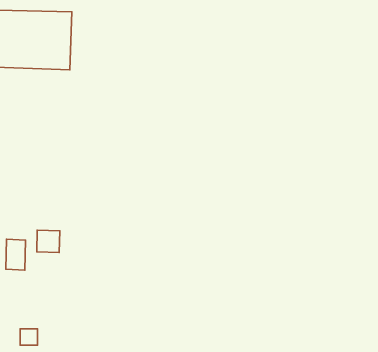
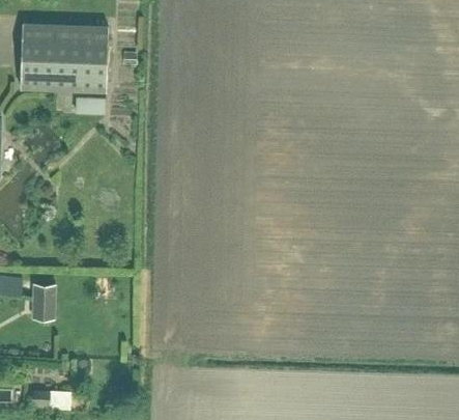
building: [37,230,60,252] -> none

